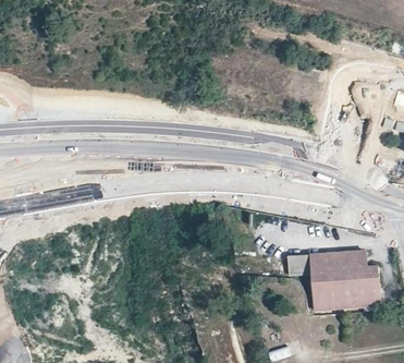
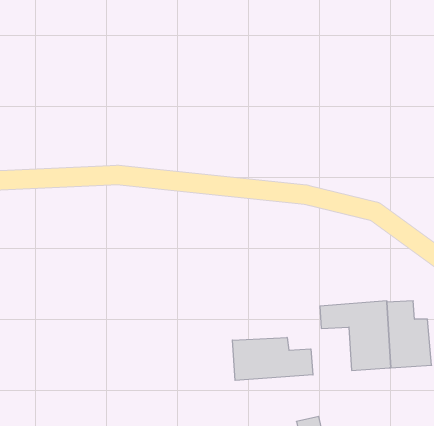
building: none -> [232,337,313,380]

